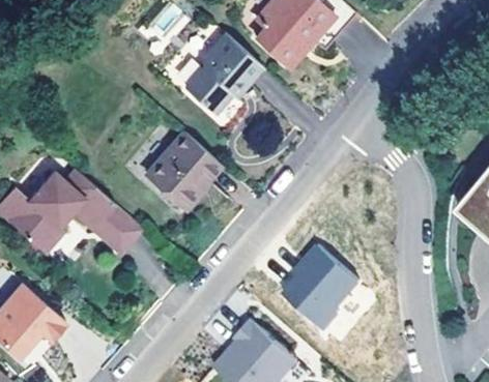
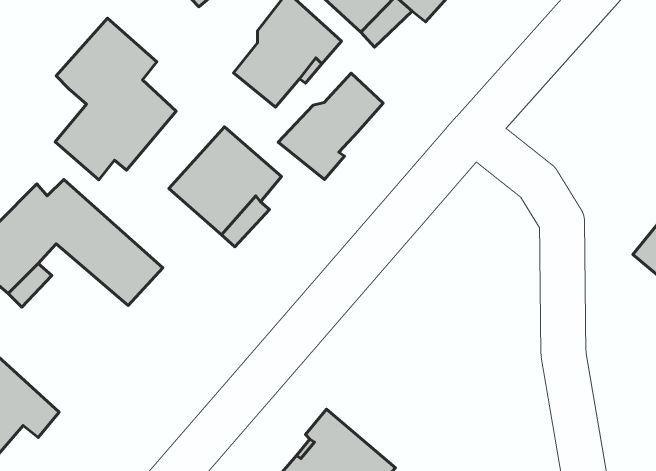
building: none -> [55,18,176,180]
building: none -> [278,73,383,179]
building: [277,246,364,334] -> none

